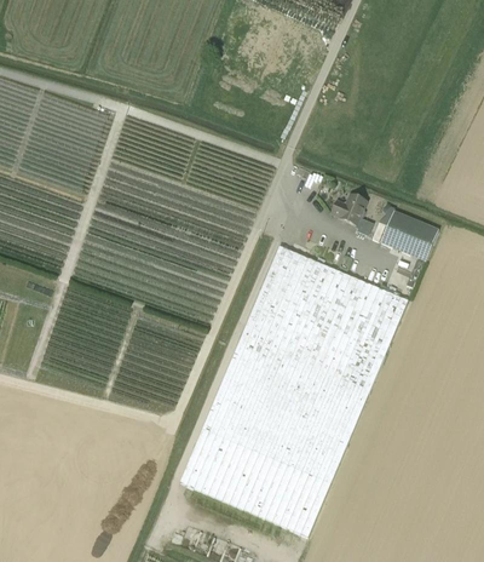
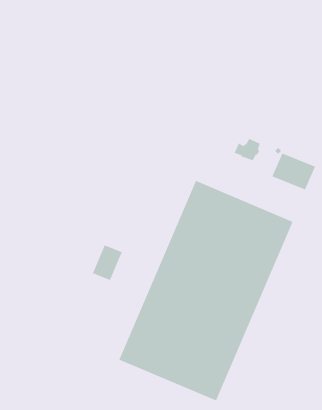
building: none -> [92,244,123,281]

